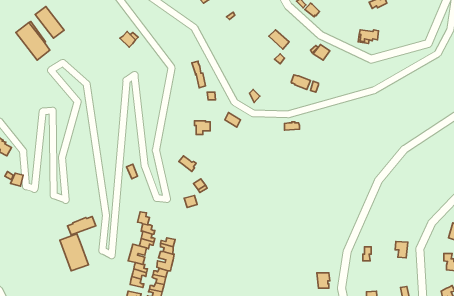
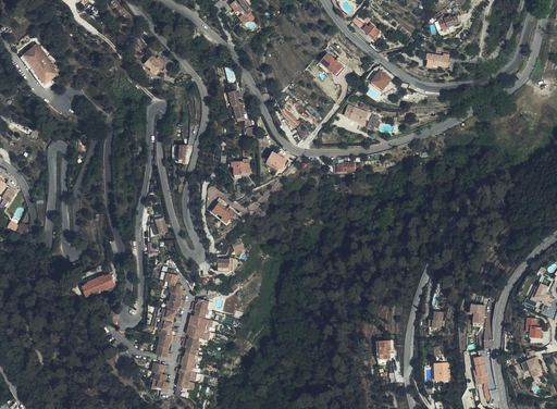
building: [35,6,64,38] -> none
building: [60,234,88,271] -> none

